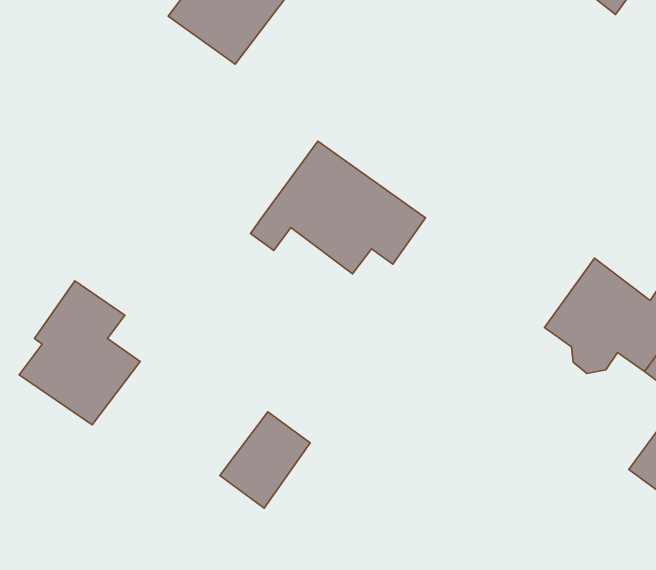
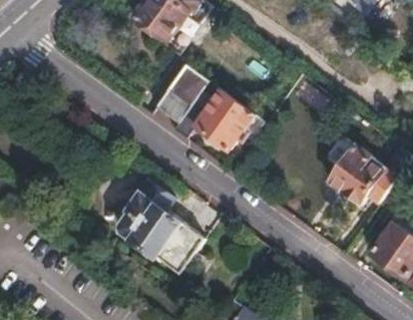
building: none -> [154,64,208,121]
building: [19,281,140,425] -> [118,180,181,255]

